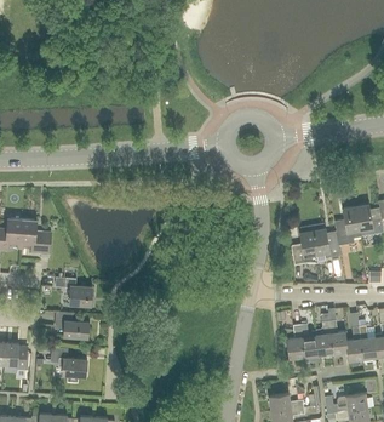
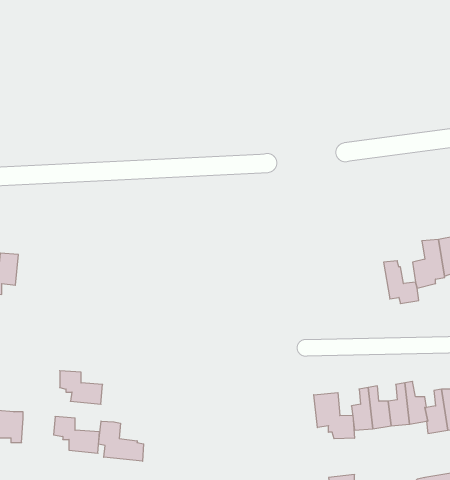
building: [21,219,52,255] -> none
building: [292,226,317,263] -> none
building: [56,278,92,306] -> none
building: none -> [314,393,354,439]
building: none -> [99,421,144,461]

